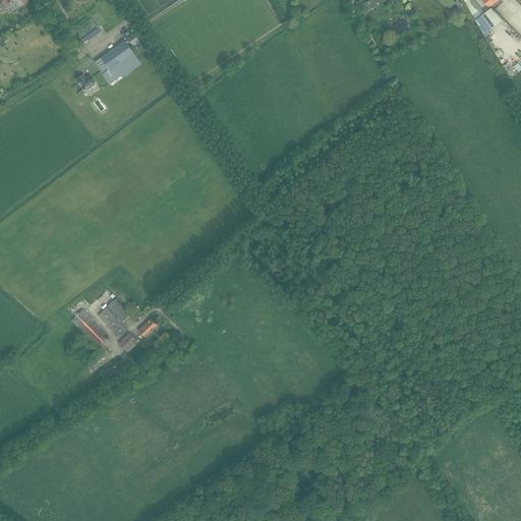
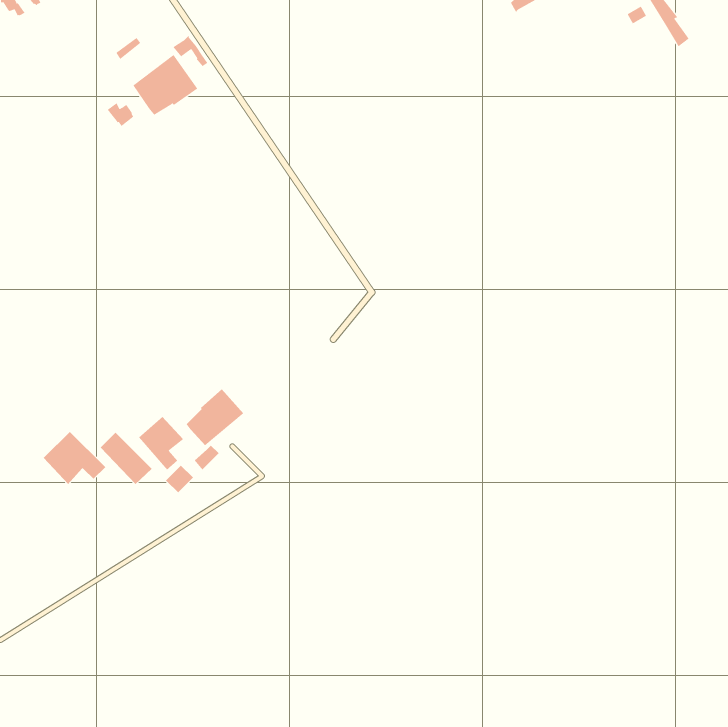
building: none -> [186,388,244,446]
building: none -> [43,431,106,485]

